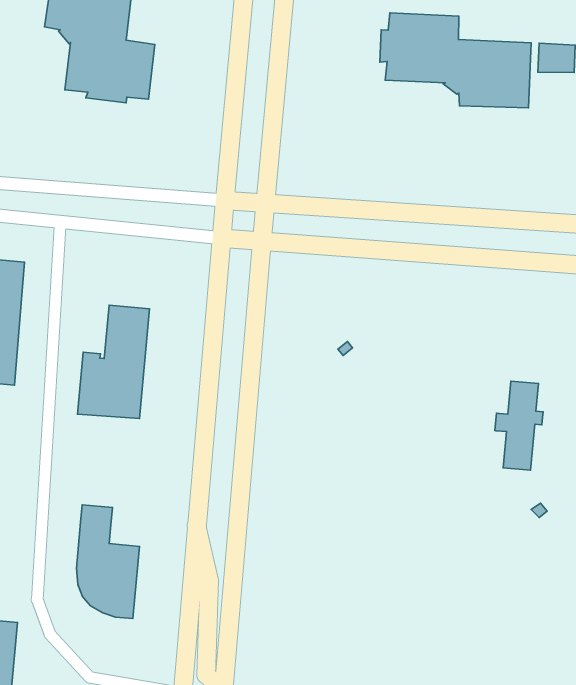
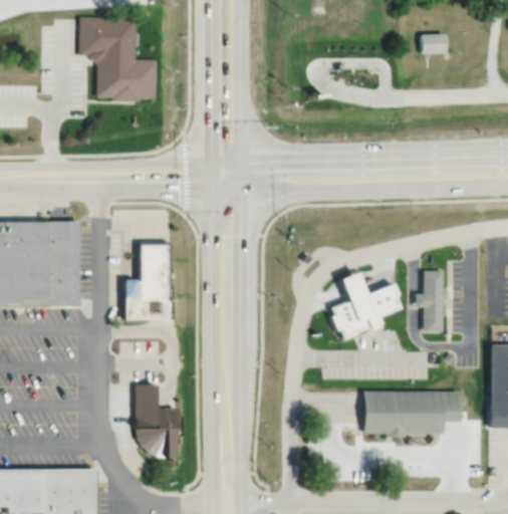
building: [380,13,531,108] -> none
building: none -> [328,270,399,340]
building: none -> [361,392,458,438]

